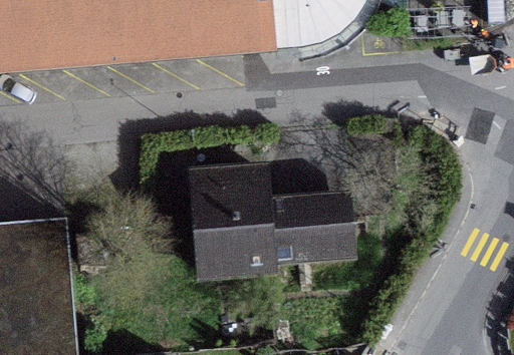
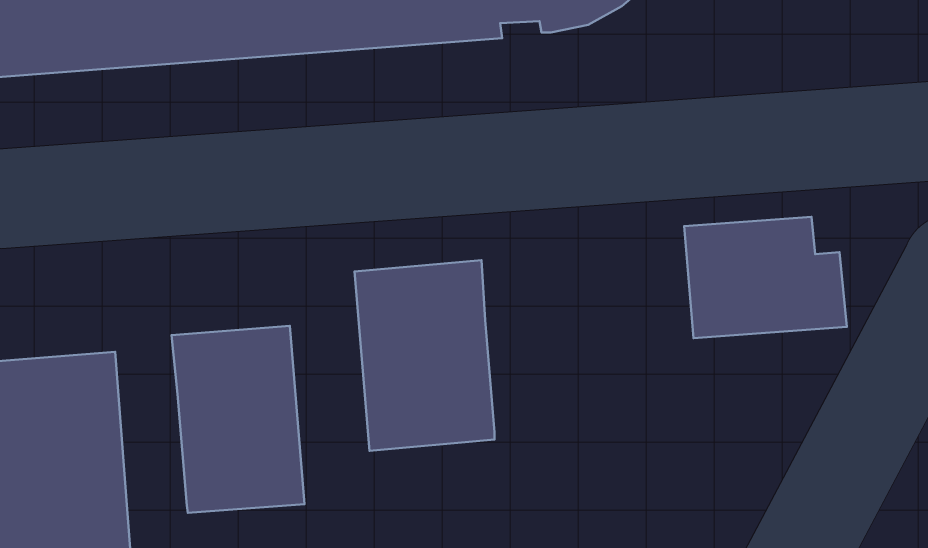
building: [262,195,349,260] -> [684,217,847,338]
building: none -> [171,326,305,513]

